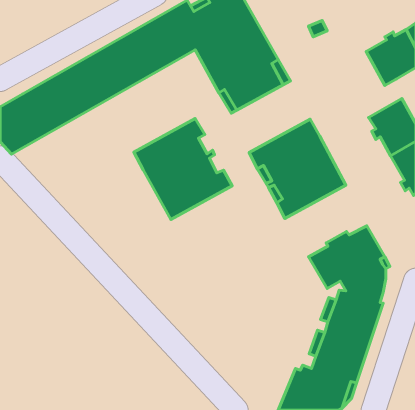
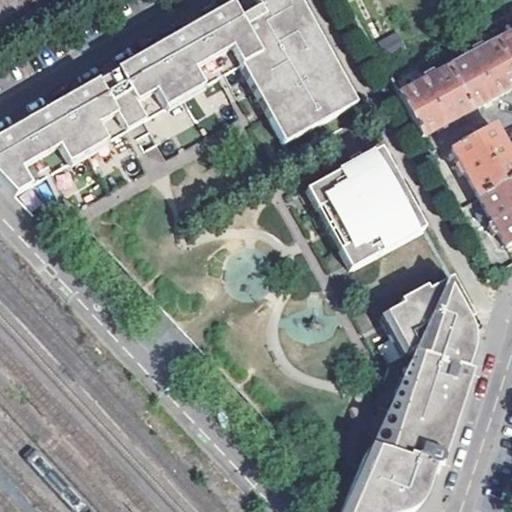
building: none -> [402,63,474,132]
building: [134,119,232,219] -> none

